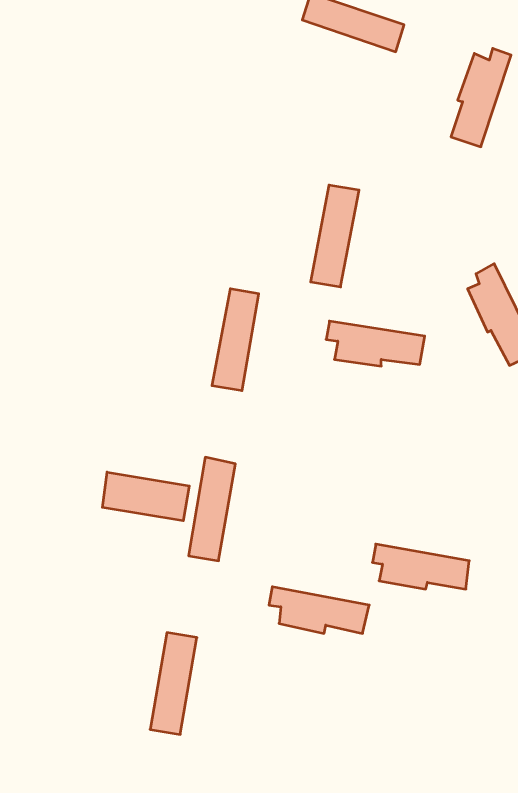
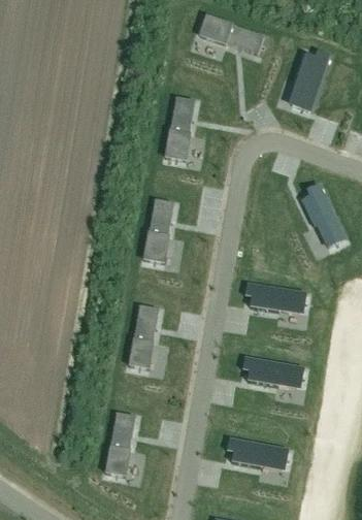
building: [311,185,359,287] -> [166,96,196,159]
building: [326,321,425,366] -> [245,283,306,311]
building: [102,472,189,521] -> none
building: [269,587,369,633] -> [227,438,289,467]

